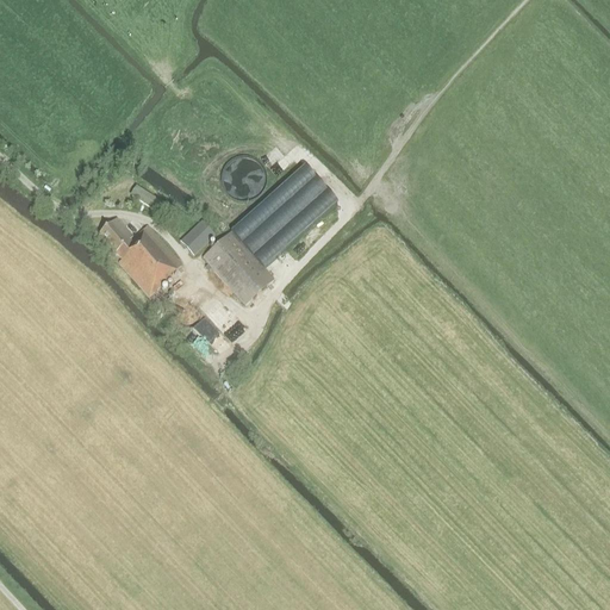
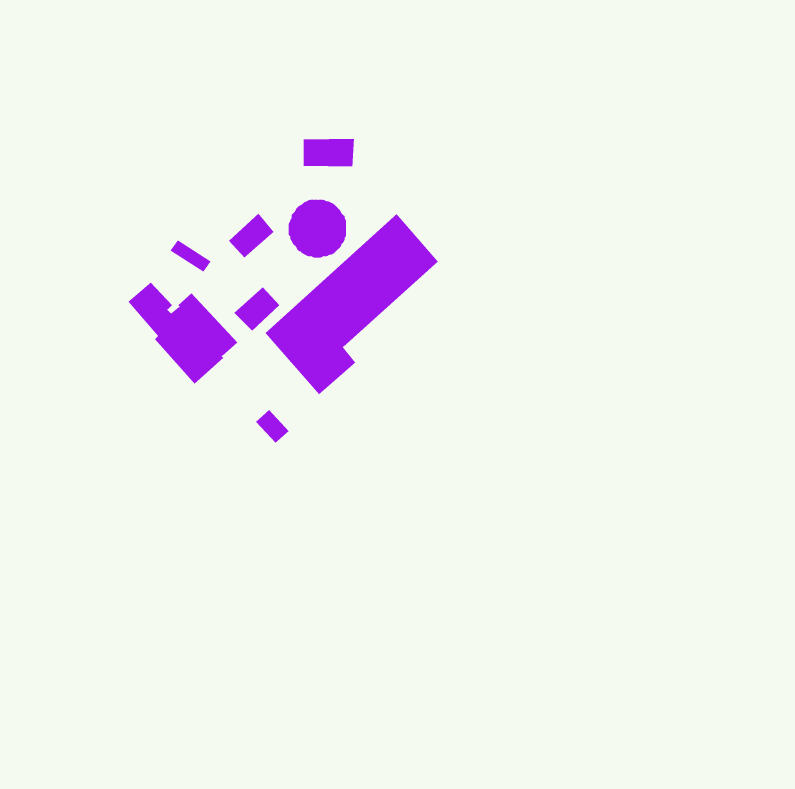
building: none -> [303,138,354,167]
building: none -> [228,213,274,259]

